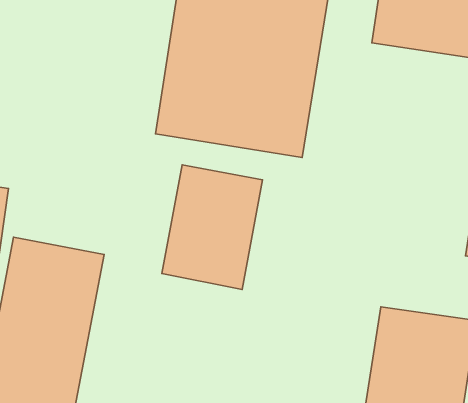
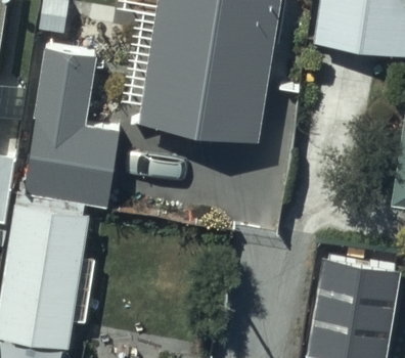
building: none -> [20,46,117,205]
building: [162,165,262,290] -> none

